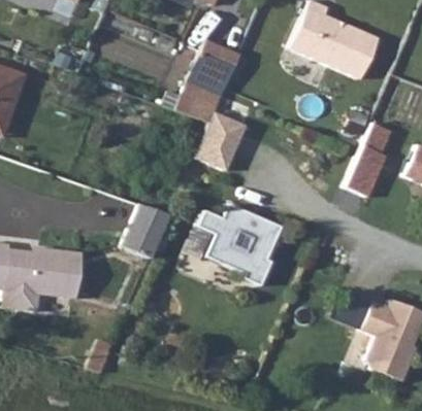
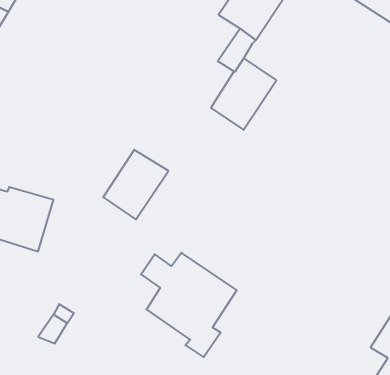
building: [198,205,279,287] -> [141,253,237,357]

